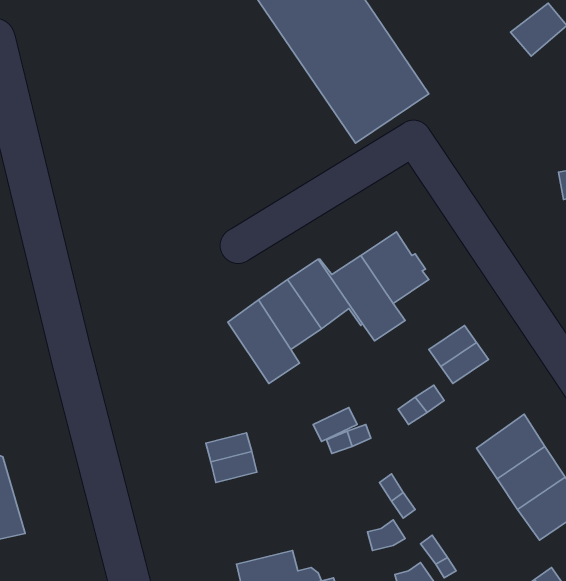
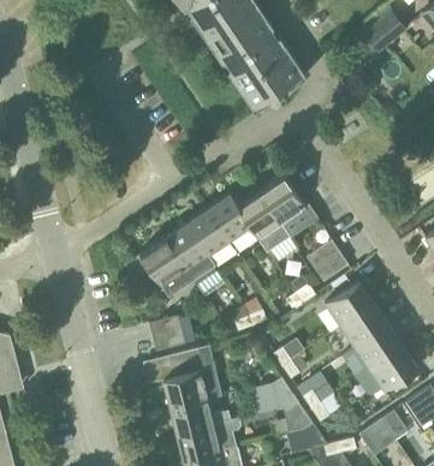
building: none -> [139,238,194,298]
building: none -> [325,281,374,327]
building: none -> [164,356,221,408]

